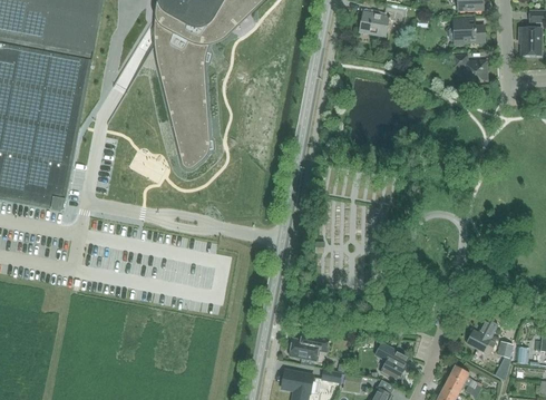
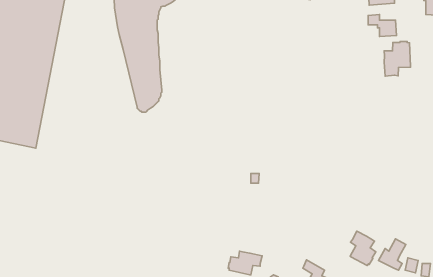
building: none -> [384,41,411,76]
building: none -> [350,231,376,266]

